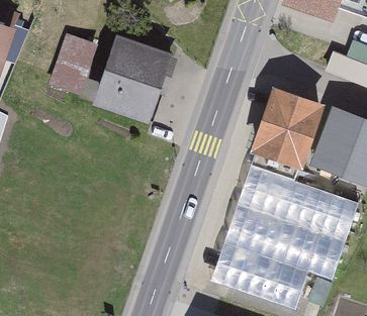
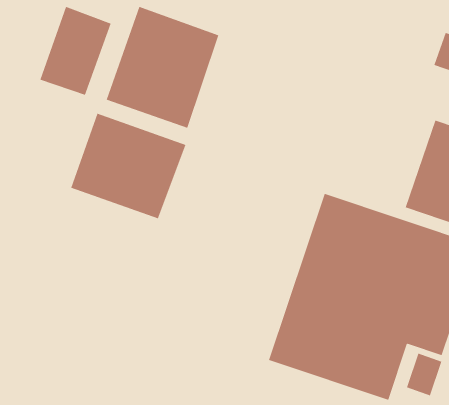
building: [251,96,320,172] -> none
building: none -> [70,113,186,219]

